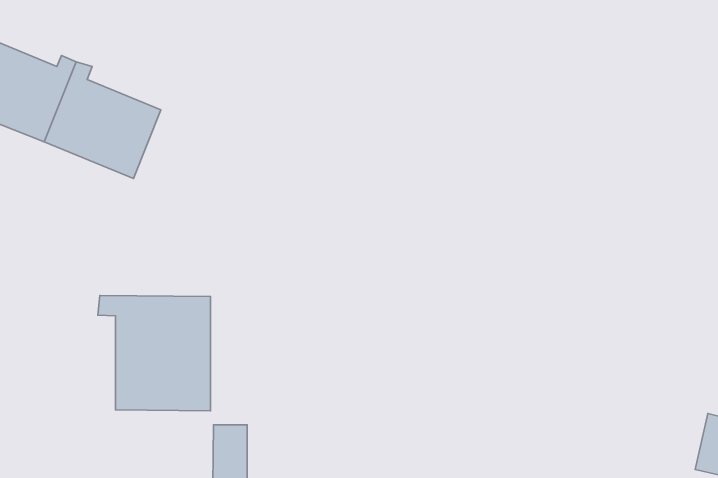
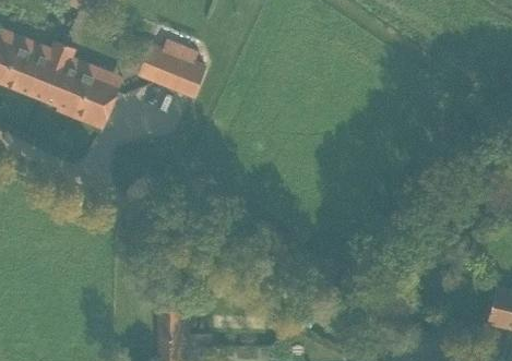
building: none -> [148,49,205,98]
building: [98,296,210,411] -> none

